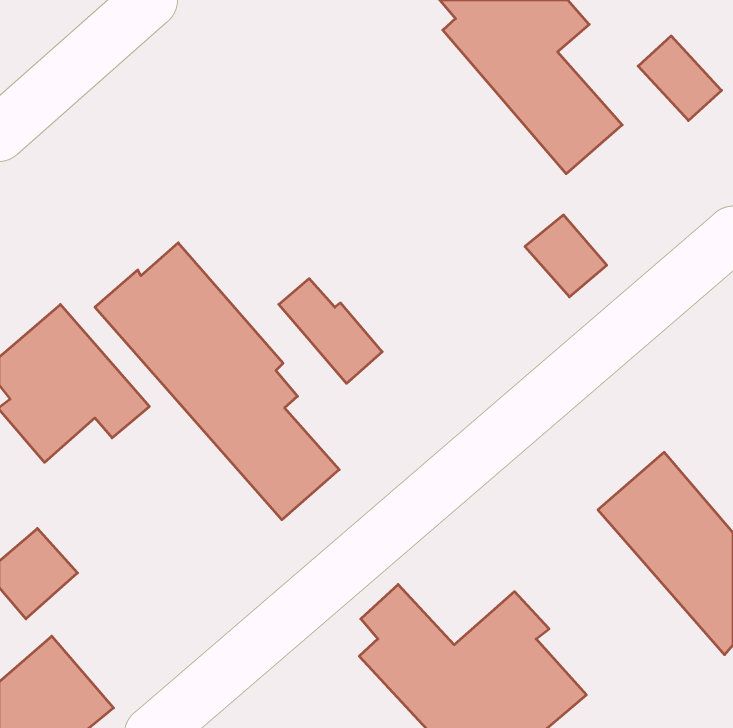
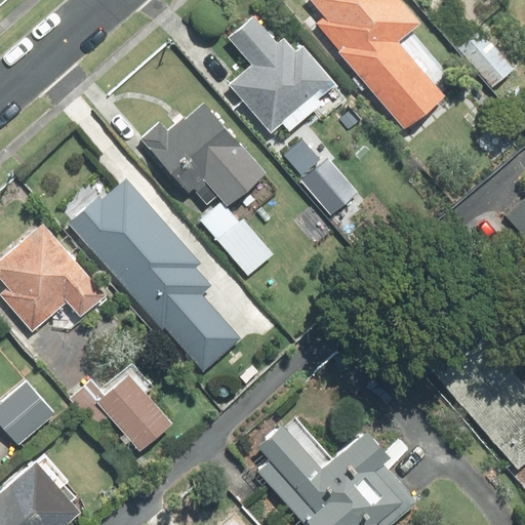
building: none -> [228,15,336,134]
building: none -> [140,102,266,207]
building: [525,215,607,297] -> [299,159,358,217]
building: none -> [69,373,173,451]

